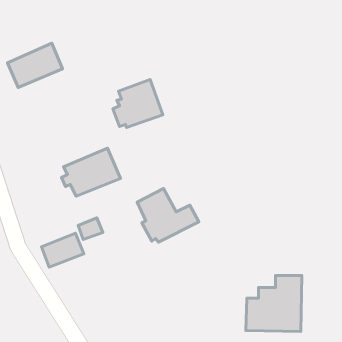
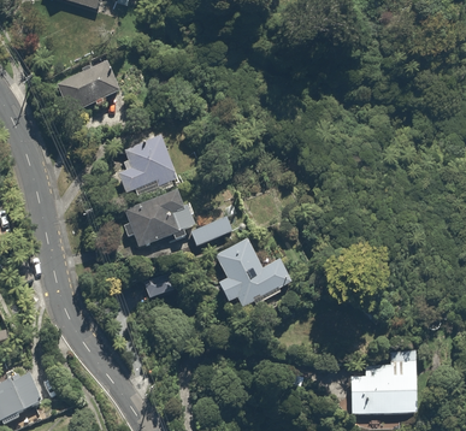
building: [113,79,163,127] -> [116,137,177,196]
building: none -> [187,213,231,246]
building: [42,233,84,267] -> none

